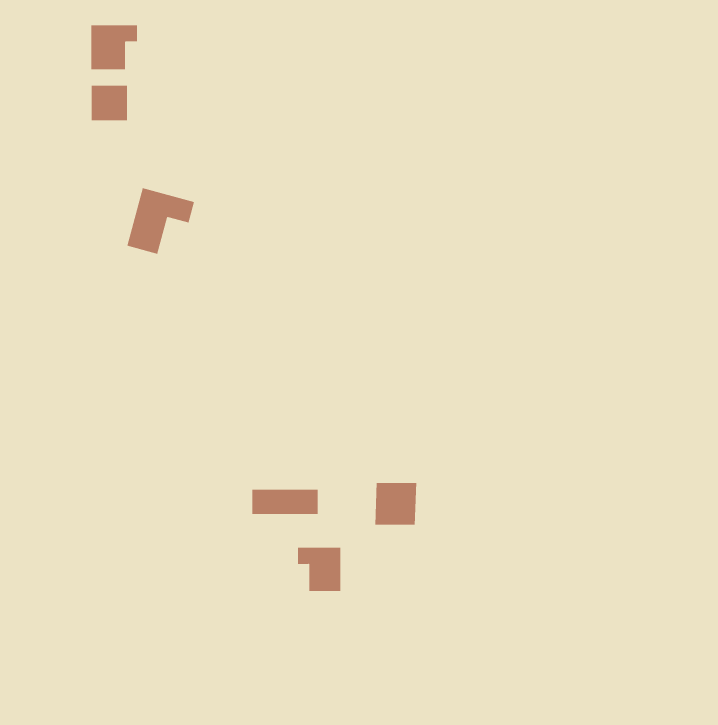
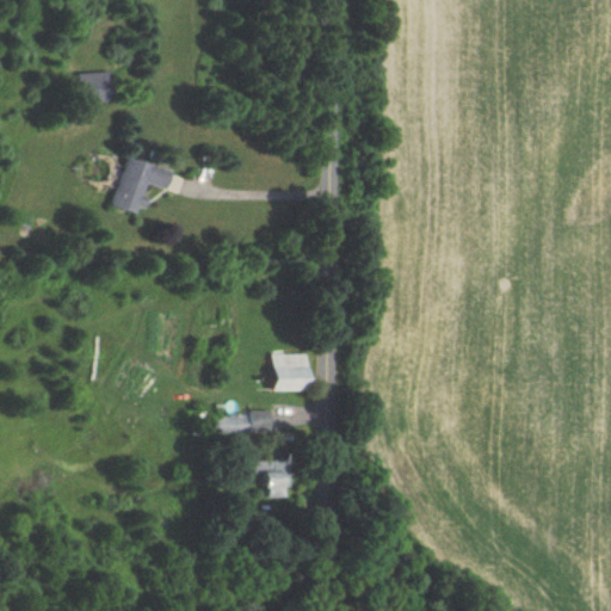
building: [91,24,138,70] -> none
building: [374,483,417,525] -> [274,353,310,389]

